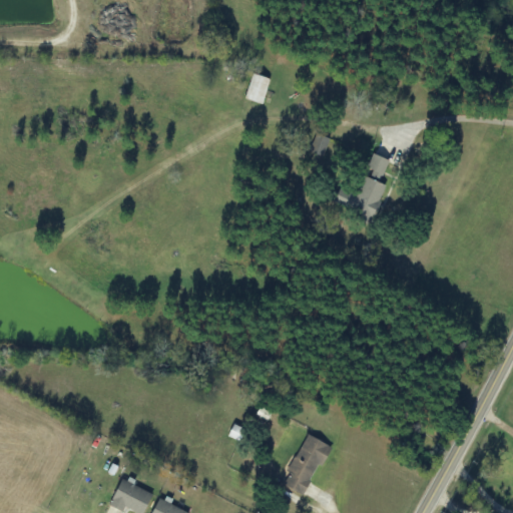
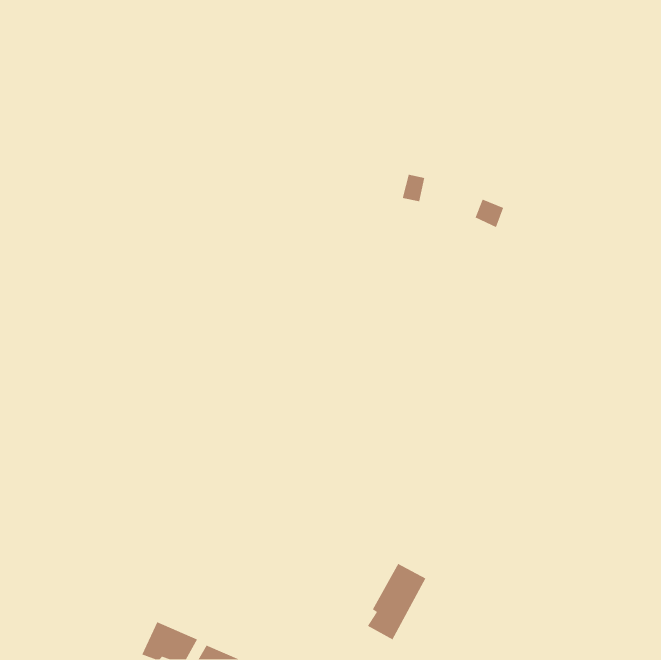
building: [245,73,272,104] -> none
building: [336,176,386,216] -> none

